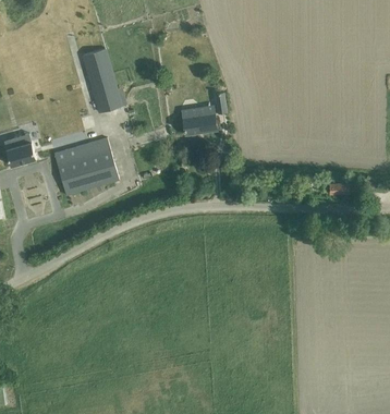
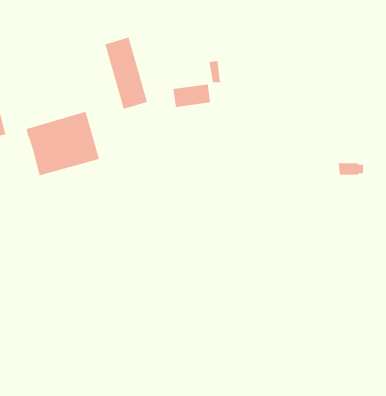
building: [83,48,121,112] -> [105,37,148,110]

